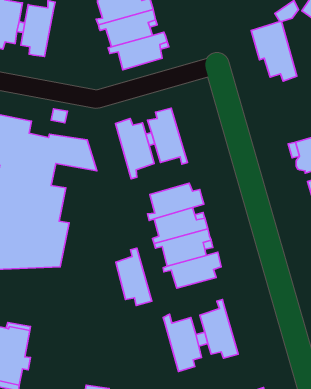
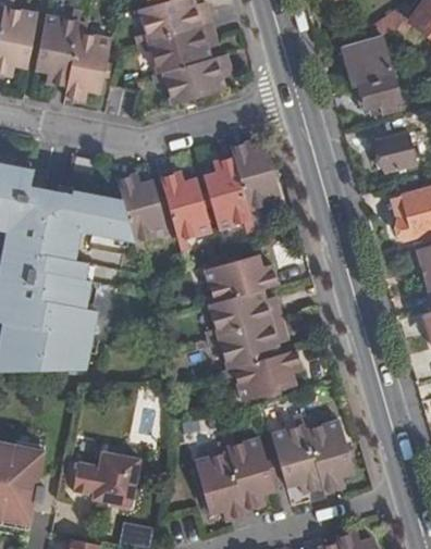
building: none -> [63,22,110,99]
building: none -> [377,136,416,175]
building: none -> [231,138,282,216]
building: none -> [118,173,168,250]
building: [116,248,152,305] -> [197,438,245,514]
building: none -> [304,412,354,487]
building: none -> [71,454,137,509]

